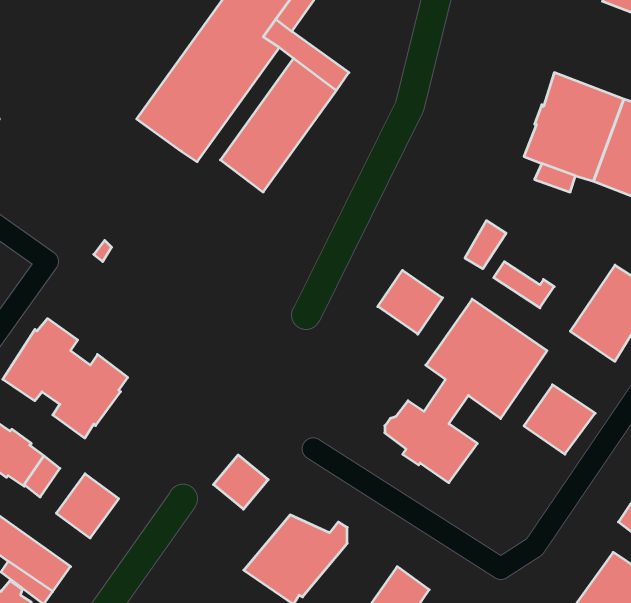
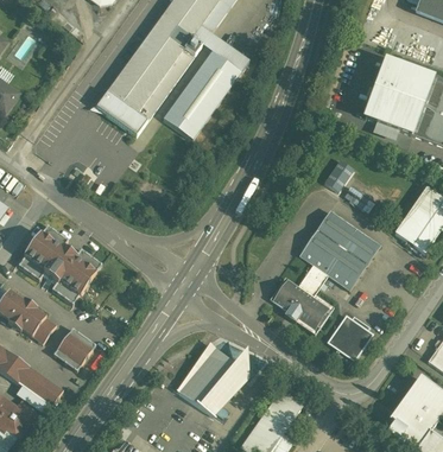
building: none -> [96,91,147,136]
building: [378,270,443,334] -> none
building: [524,385,595,454] -> [327,314,374,361]
building: [213,455,268,509] -> none

